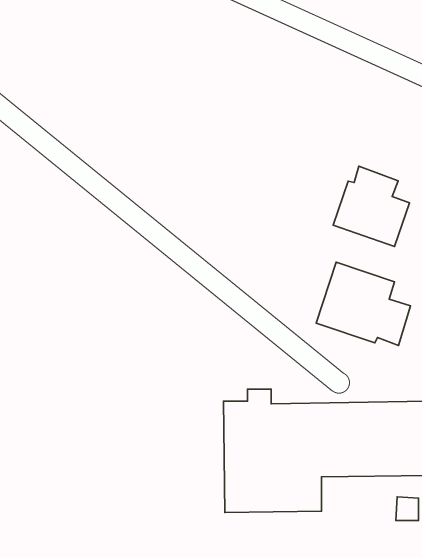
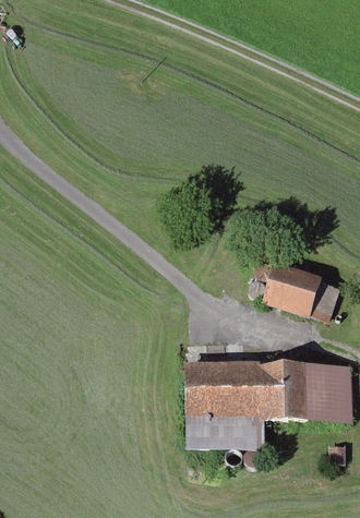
building: [333,166,409,247] -> none

